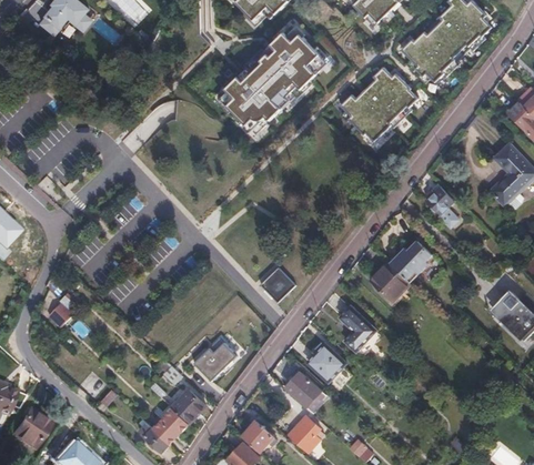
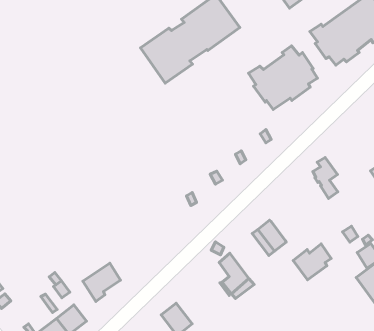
building: [391,241,432,283] -> [293,244,331,280]
building: [260,267,296,304] -> none
building: [308,343,345,382] -> none

